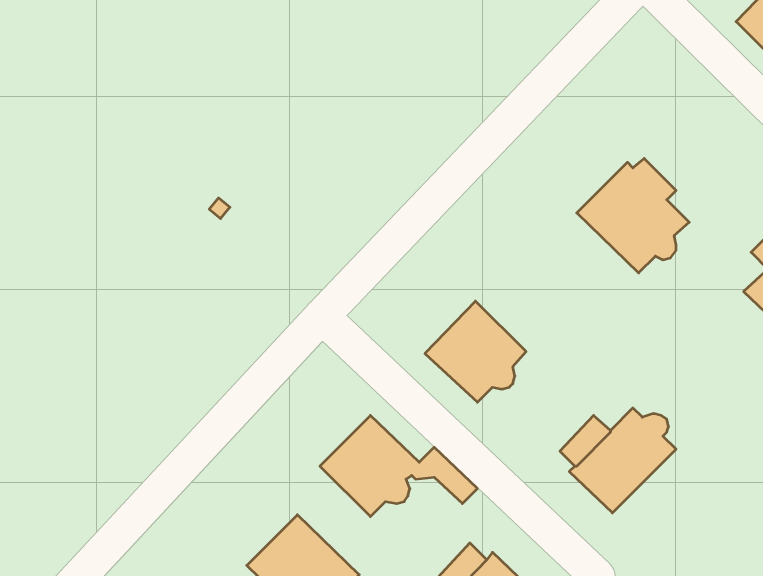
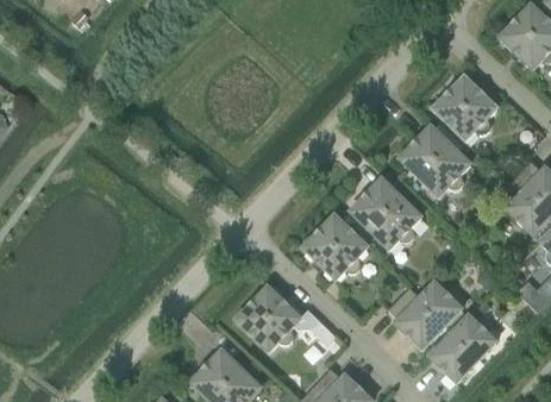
building: none -> [433,76,497,140]
building: none -> [351,178,422,249]
building: none -> [430,315,496,382]

